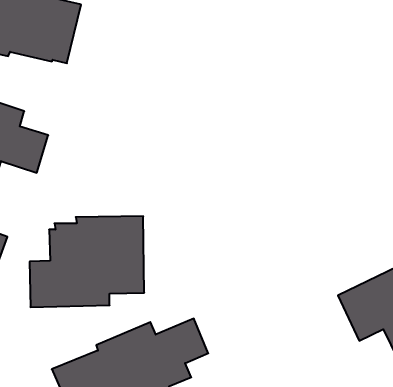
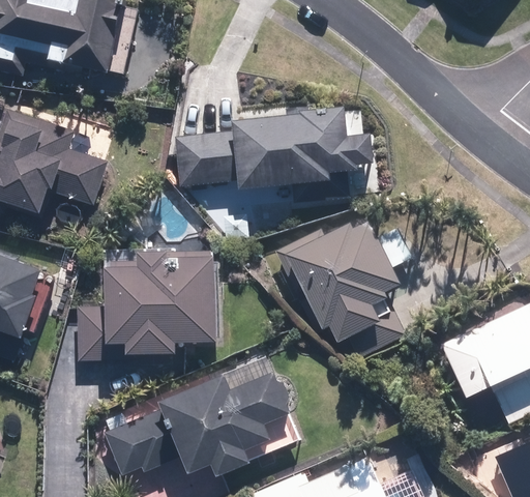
building: none -> [176,112,369,186]
building: none -> [276,222,407,355]

